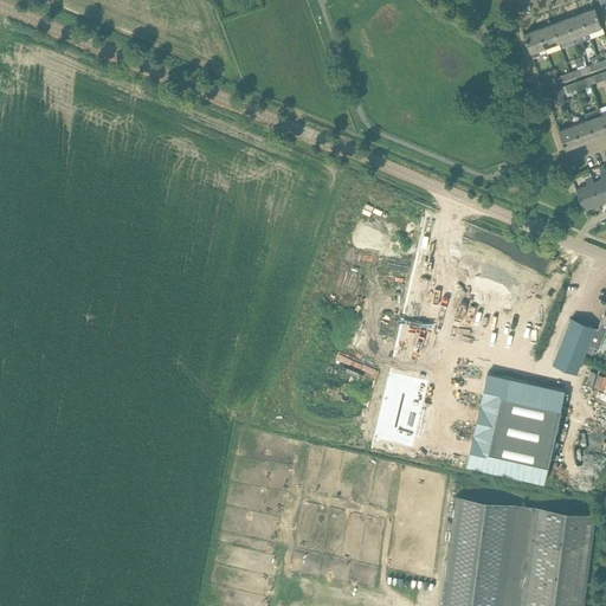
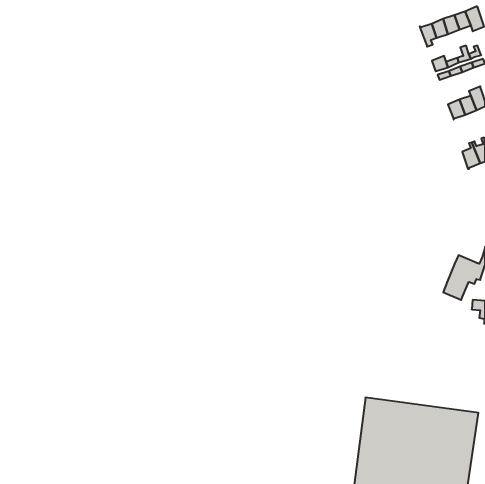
building: [468,375,565,484] -> none

